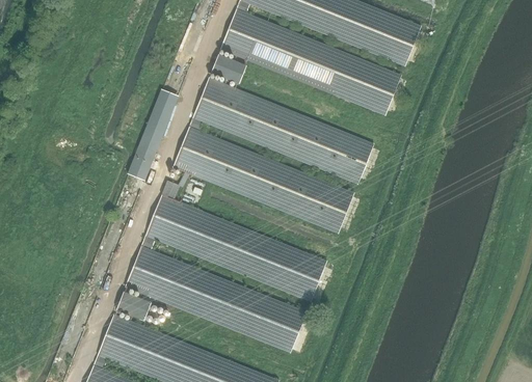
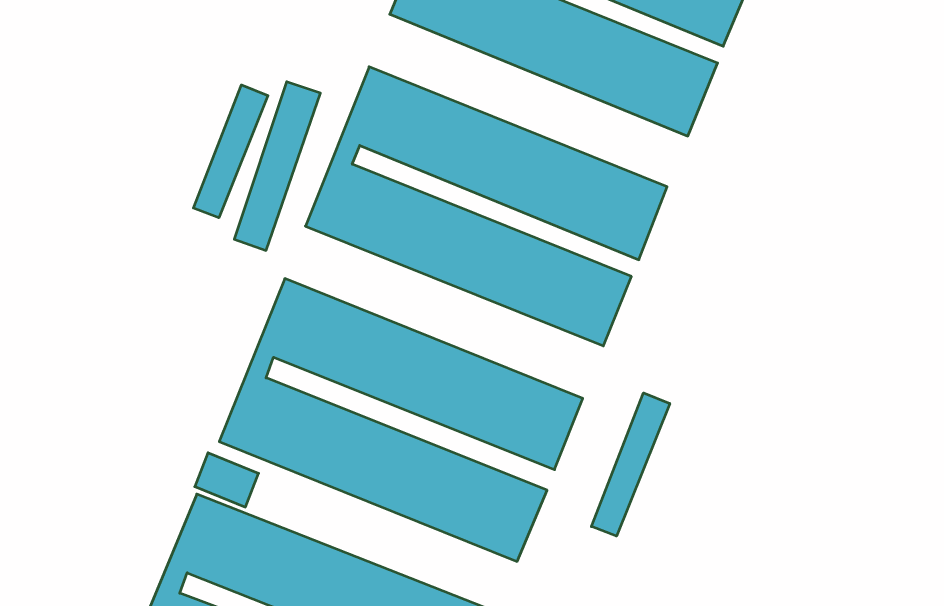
building: [210,53,246,83] -> none
building: none -> [193,85,268,218]
building: none -> [591,393,670,536]

